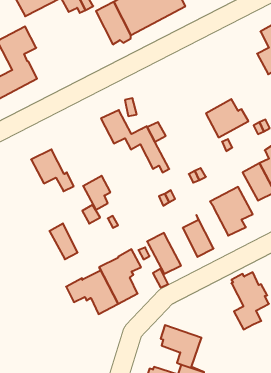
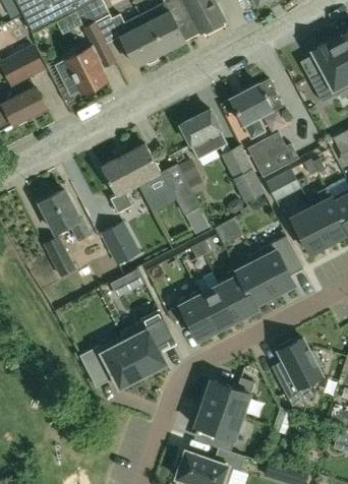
building: none -> [64,22,115,94]
building: none -> [229,83,272,137]
building: none -> [178,109,226,160]
building: none -> [220,145,265,202]
building: none -> [100,155,137,213]
building: none -> [236,259,274,309]
building: [49,223,78,259] -> [42,235,75,278]
building: none -> [199,285,237,329]
building: none -> [198,377,254,416]

